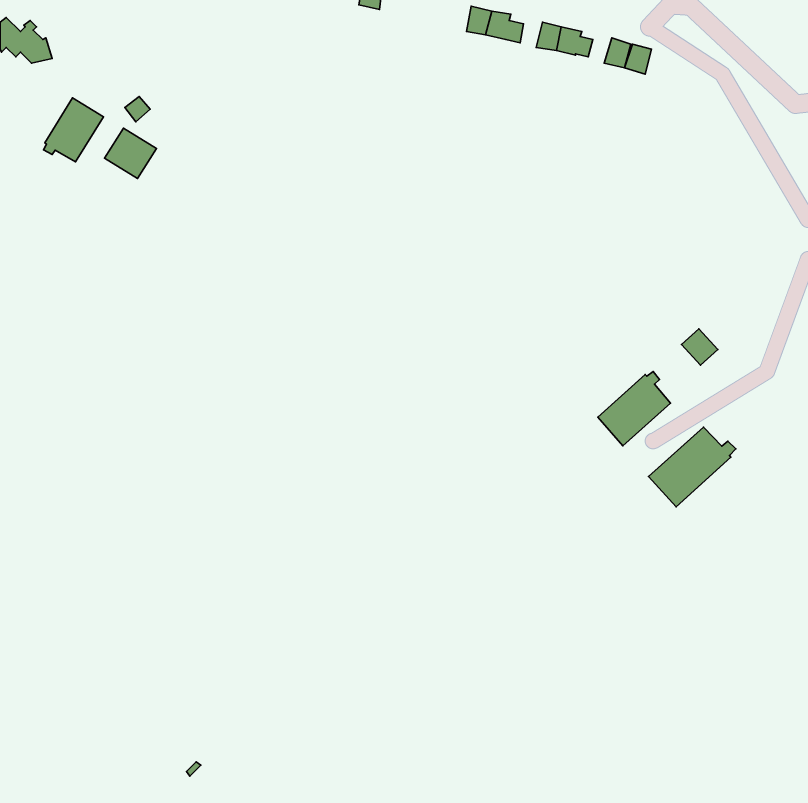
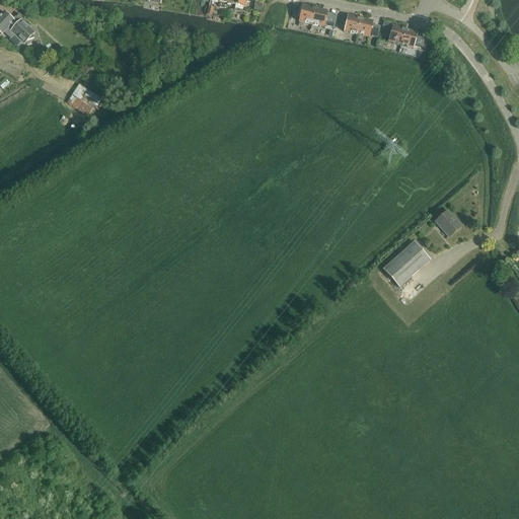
building: [44,98,103,162] -> none
building: [648,427,736,507] -> none

